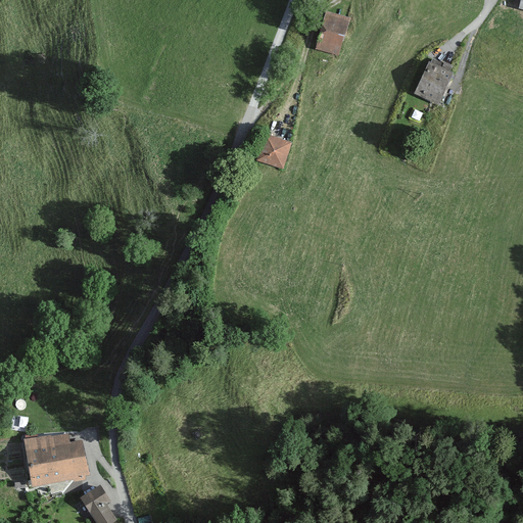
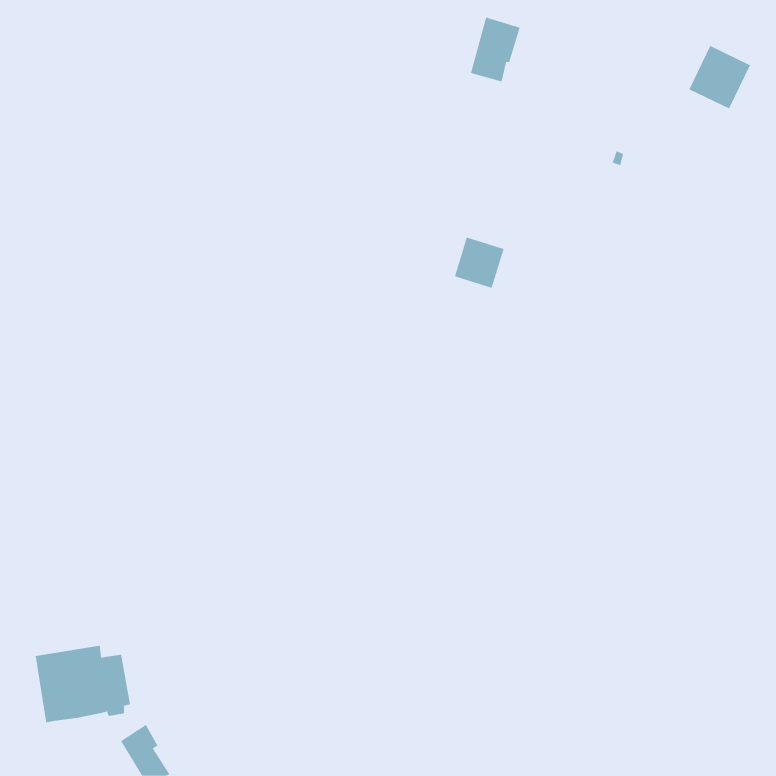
building: [413,61,455,104] -> [688,45,751,109]
building: [257,133,291,168] -> [454,237,504,289]

